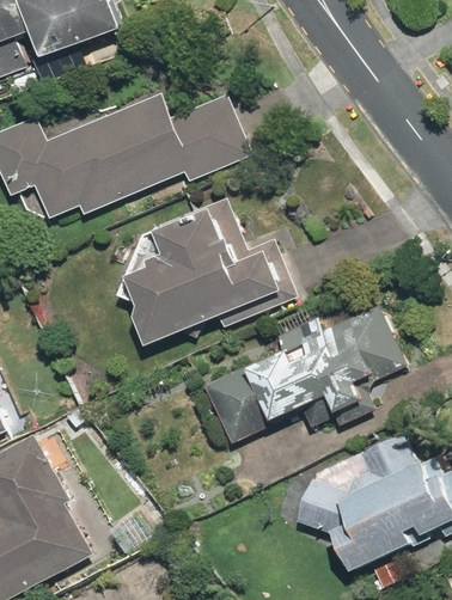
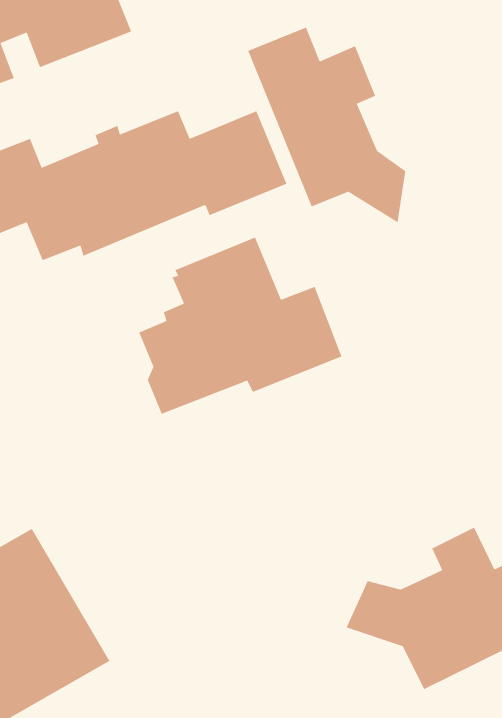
building: none -> [247,26,406,224]
building: [202,306,402,443] -> none

